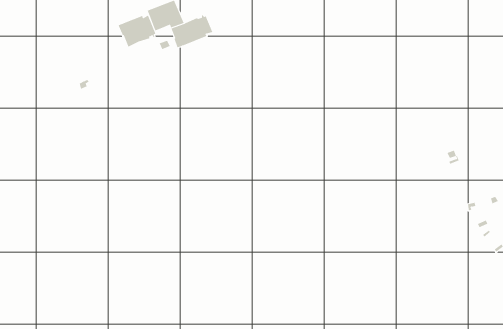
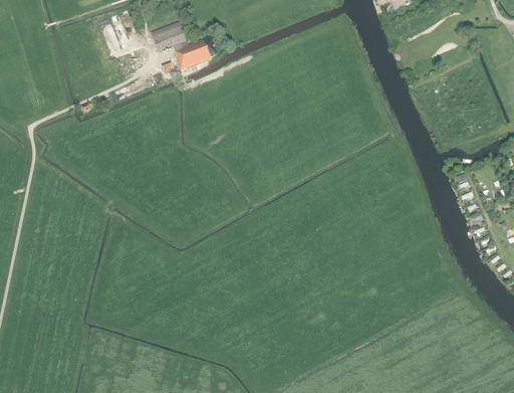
building: [118,15,156,47] -> none

